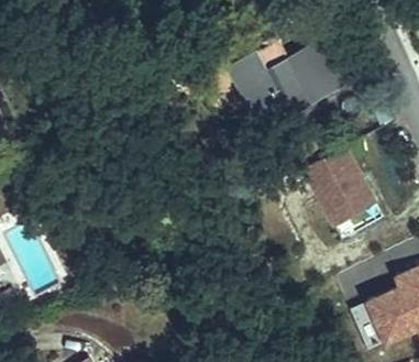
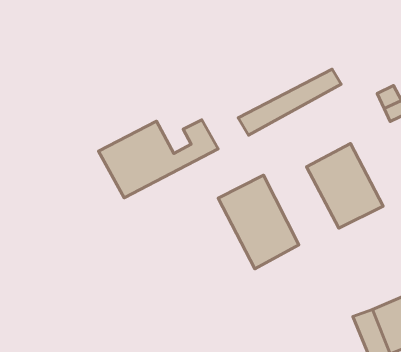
building: [214,44,328,118] -> [98,120,218,198]
building: none -> [218,175,299,269]

